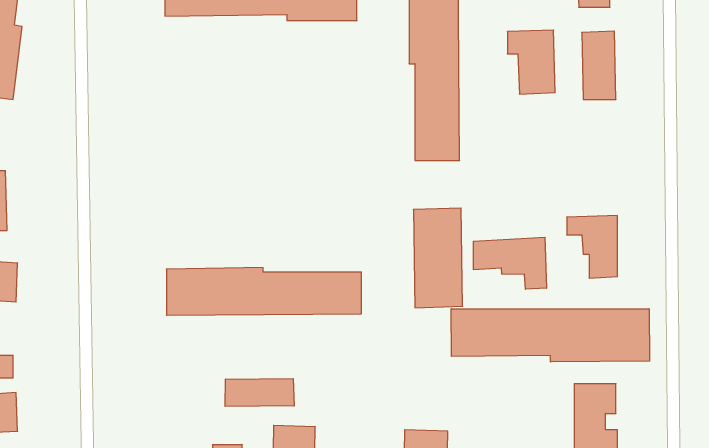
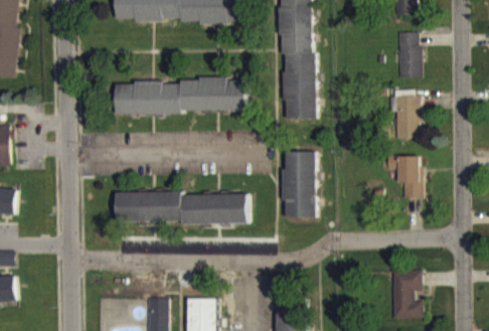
building: [507,30,555,94] -> [387,96,420,139]
building: none -> [115,80,247,113]
building: [473,237,546,289] -> none
building: [451,309,649,362] -> none
building: [225,379,294,406] -> none

